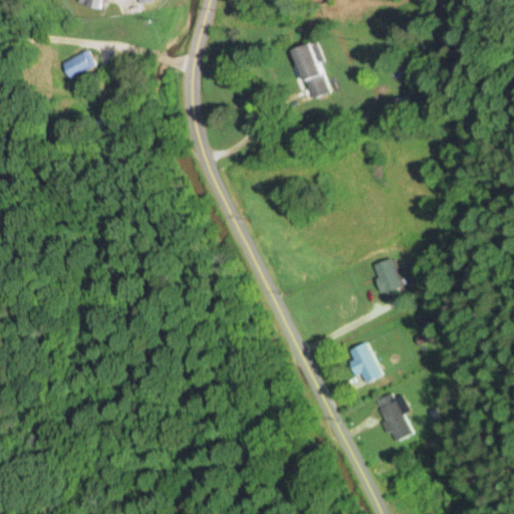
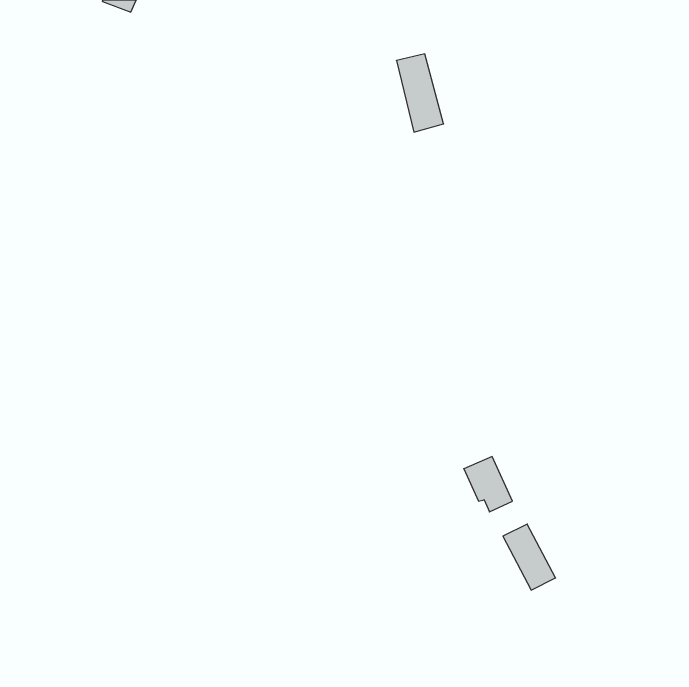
building: [62,49,97,79] -> none
building: [372,258,401,293] -> none

